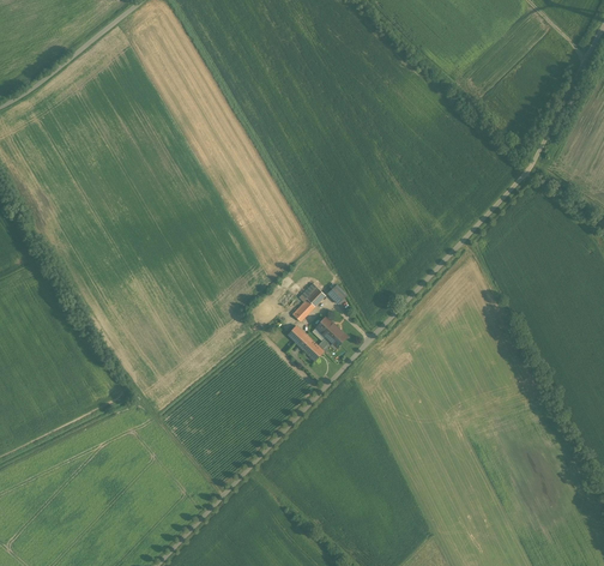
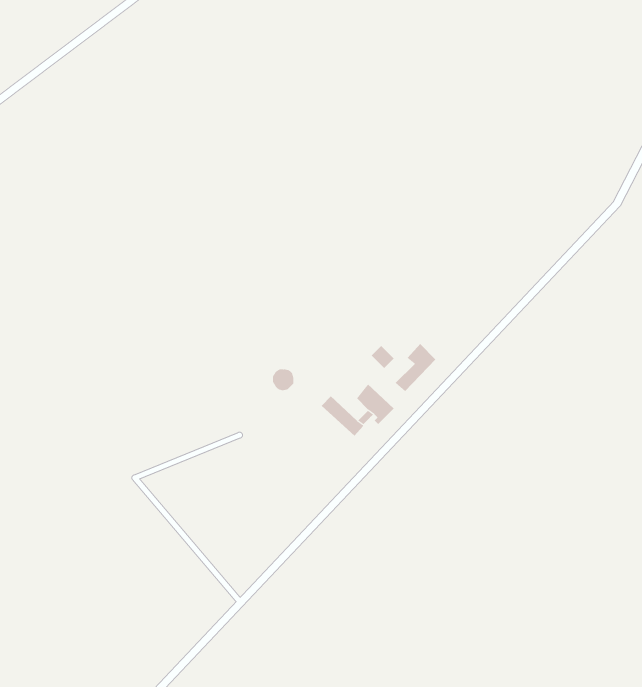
building: [292,282,326,321] -> [395,343,436,392]

